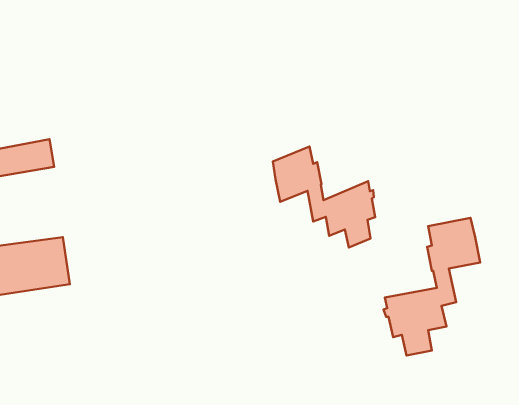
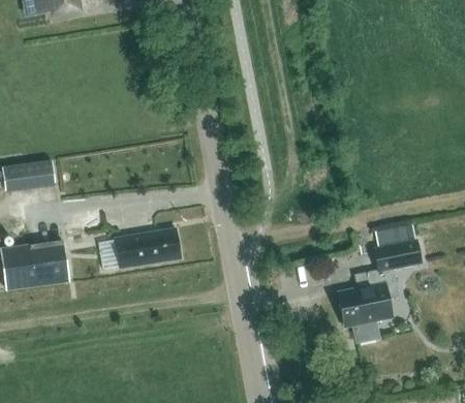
building: [273,147,375,248] -> none
building: none -> [98,228,181,270]

